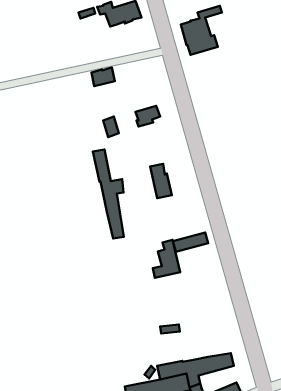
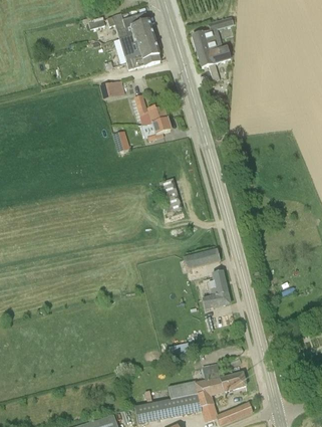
building: none -> [119,28,159,68]
building: none -> [134,94,167,125]
building: [93,149,124,239] -> none
building: [153,240,180,278] -> [202,269,230,308]

